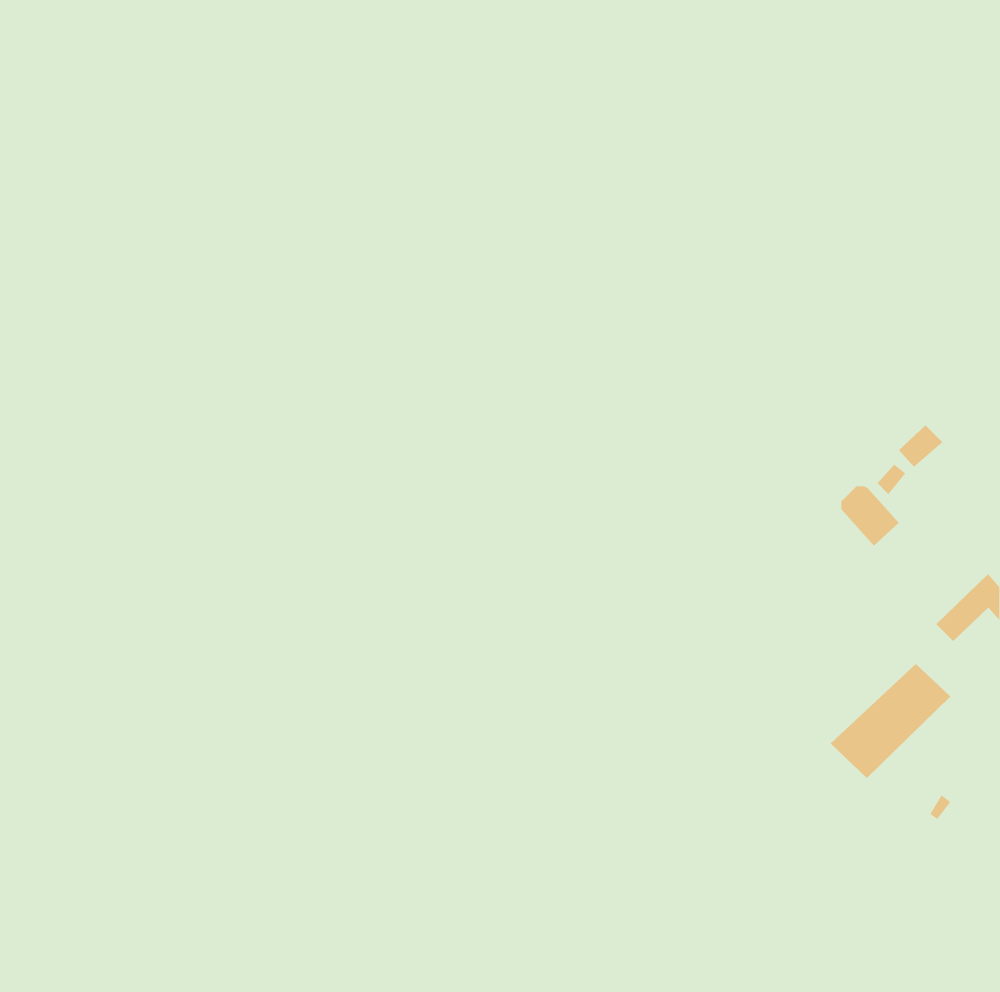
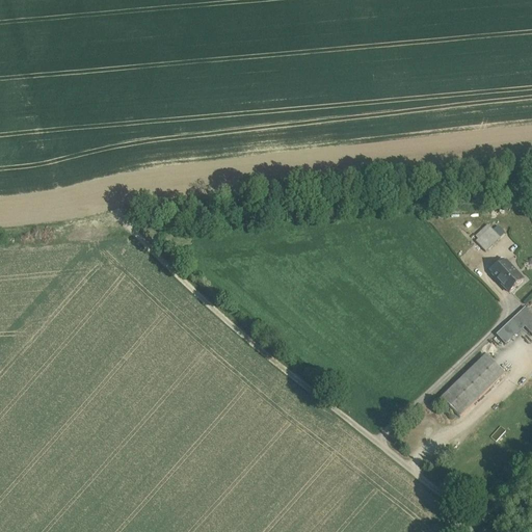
building: [841,486,899,546] -> [491,258,523,290]

